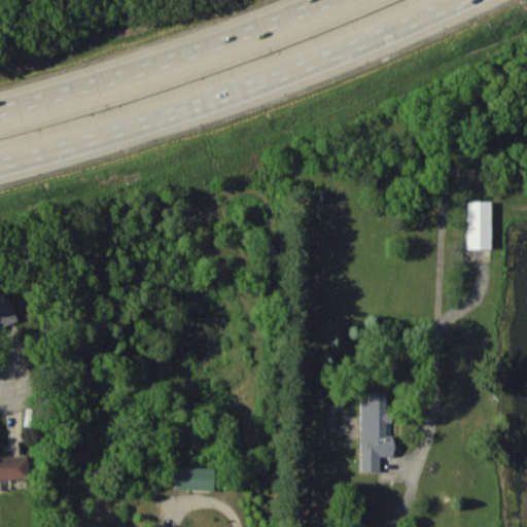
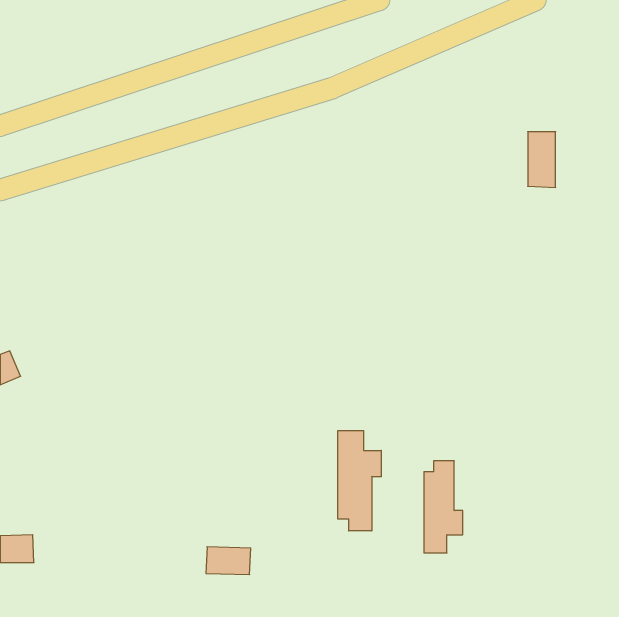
building: [467,202,491,249] -> [528,132,556,187]
building: none -> [338,431,381,531]

